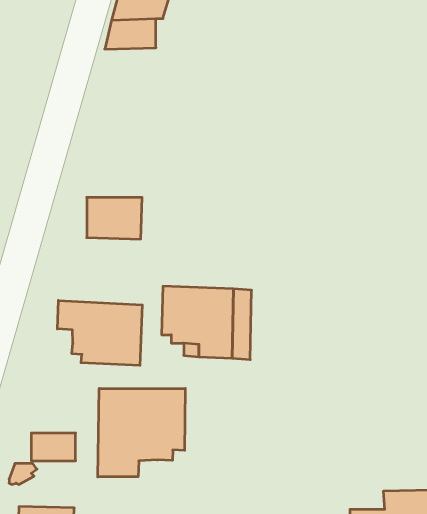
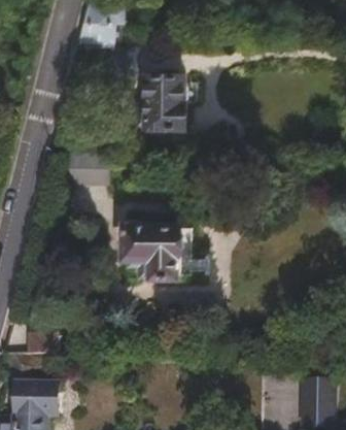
building: none -> [136,70,184,123]
building: [57,300,142,365] -> none
building: [98,388,185,477] -> none

